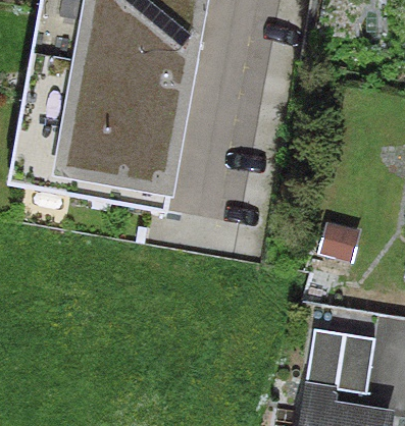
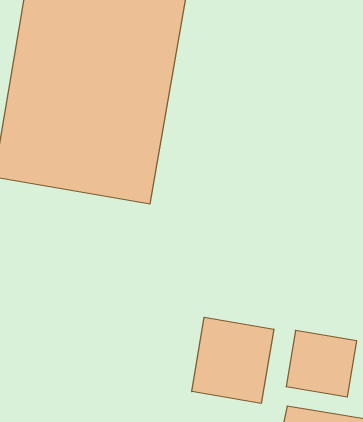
building: none -> [192,317,274,403]

